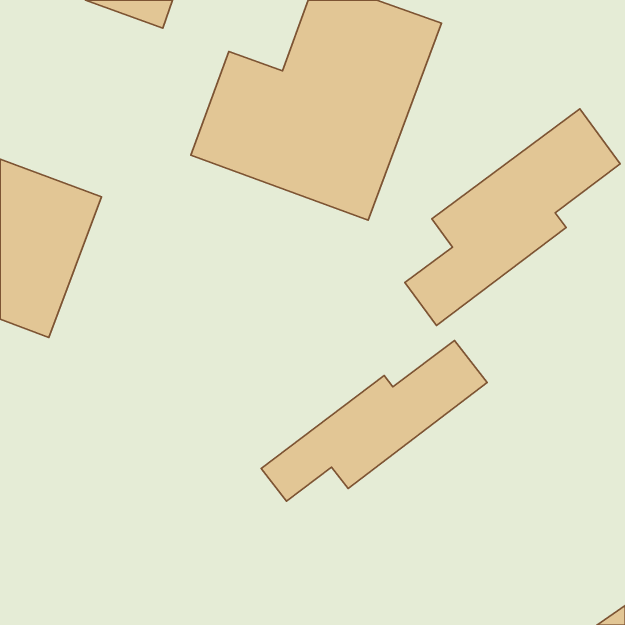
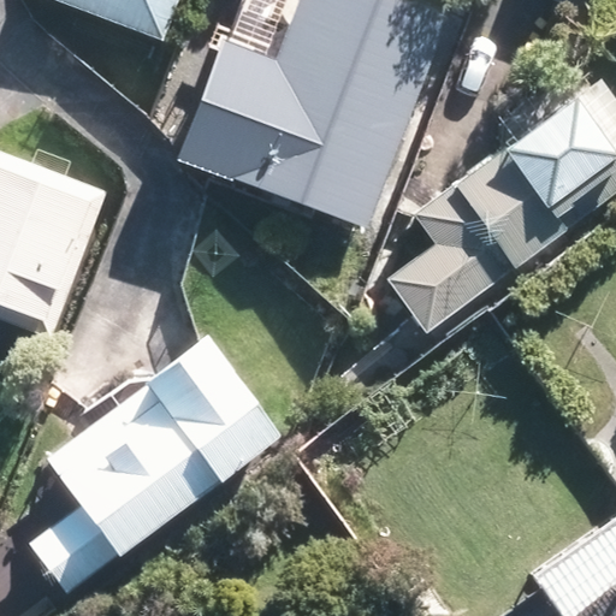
building: [261,341,487,501] -> none
building: none -> [36,355,274,585]

